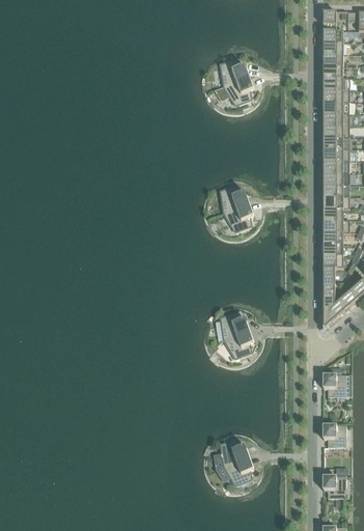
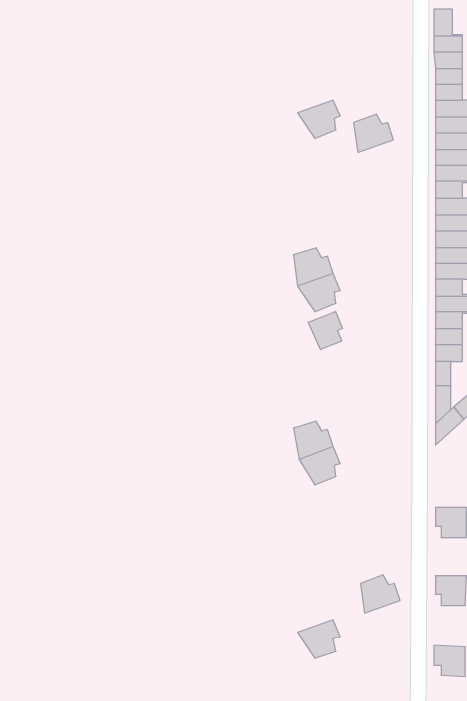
building: [220,58,249,86] -> [354,114,393,152]
building: none -> [308,311,342,350]
building: [220,438,249,466] -> [360,575,400,613]

